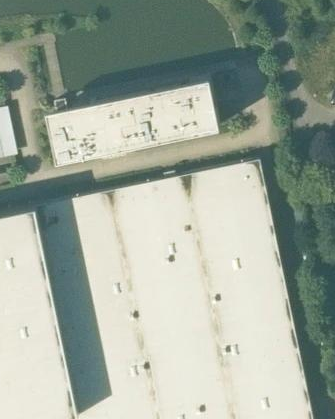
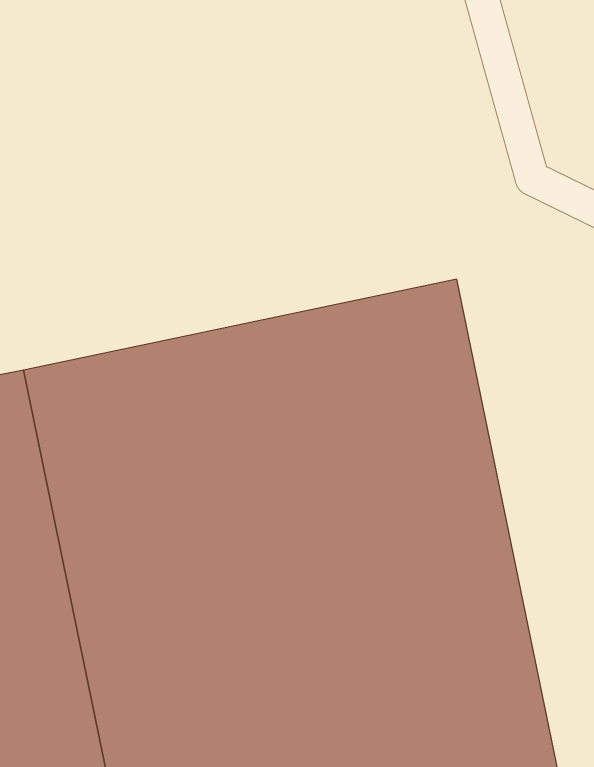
building: [51,78,219,161] -> none

